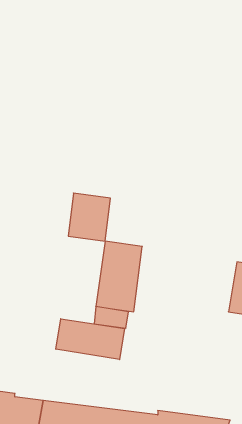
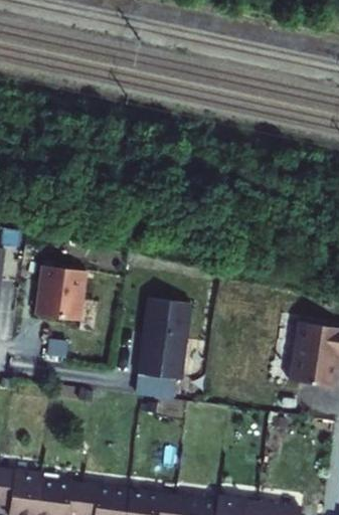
building: [68,193,110,241] -> [39,266,89,322]
building: [56,319,125,360] -> none

